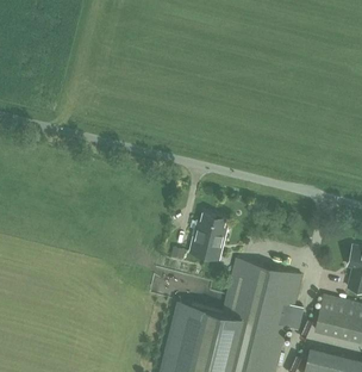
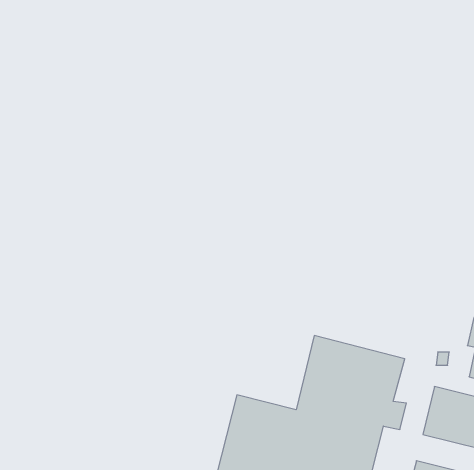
building: [188,215,224,261] -> none

